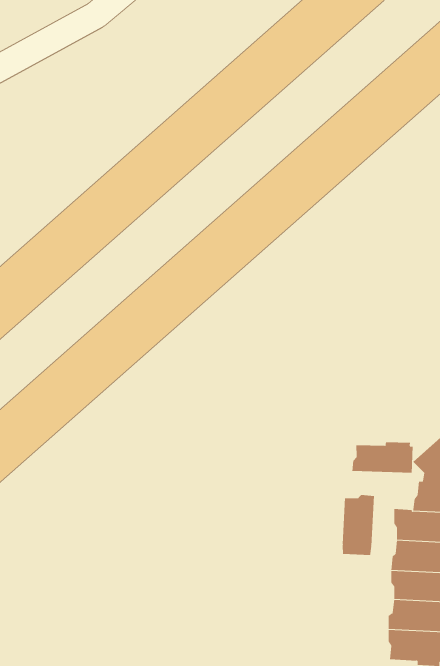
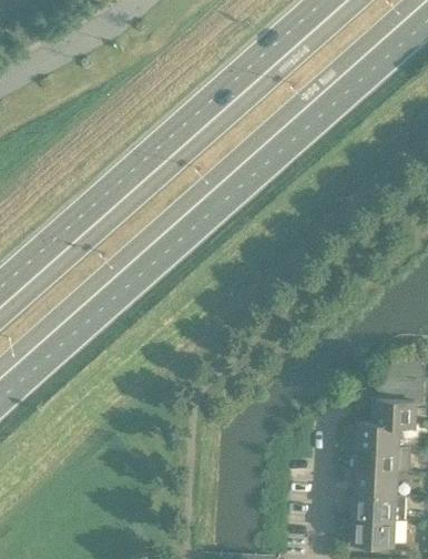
building: [352,442,413,473] -> none
building: [342,494,374,556] -> none

